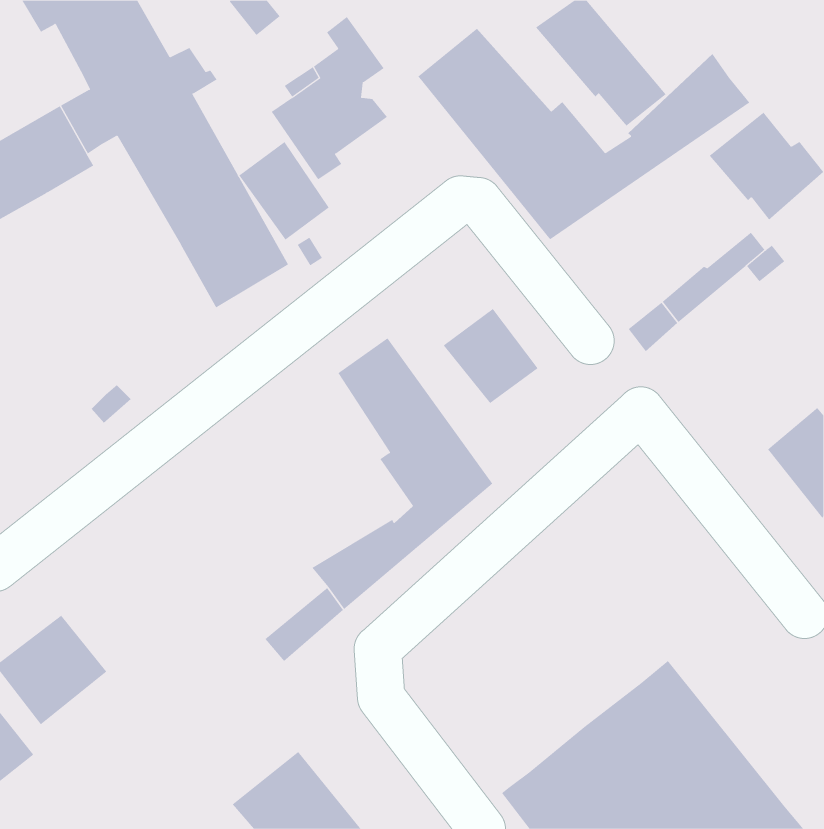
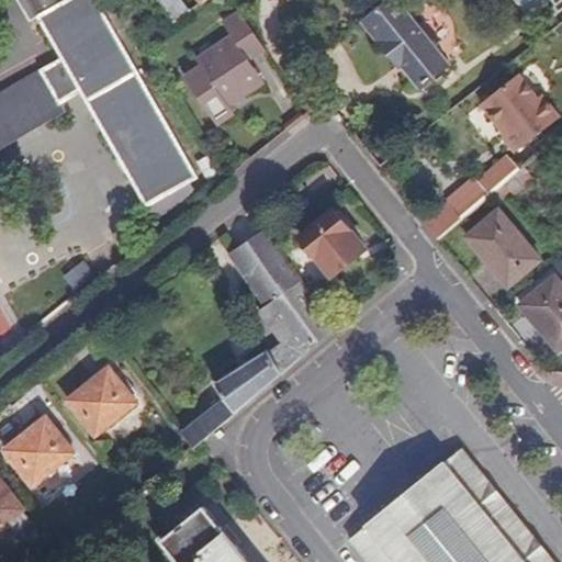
building: [418,28,750,240] -> none
building: [239,141,330,241] -> none
building: none -> [464,209,540,286]
building: none -> [66,369,136,438]

